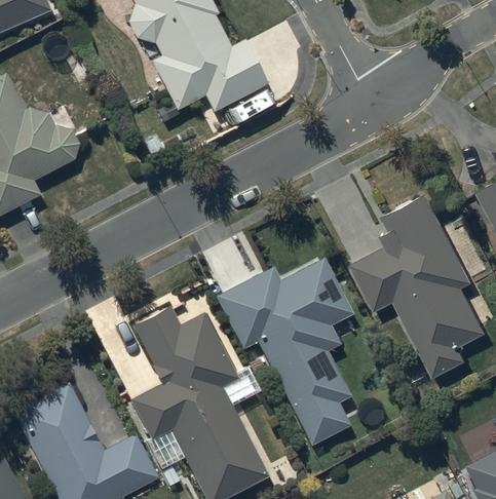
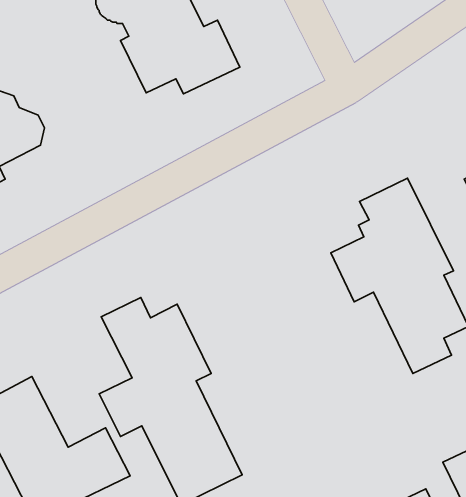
building: [216,258,352,446] -> none

